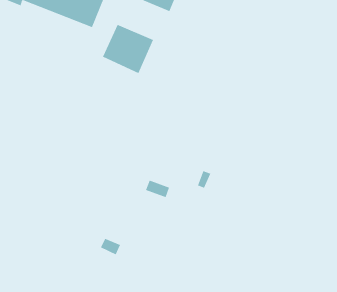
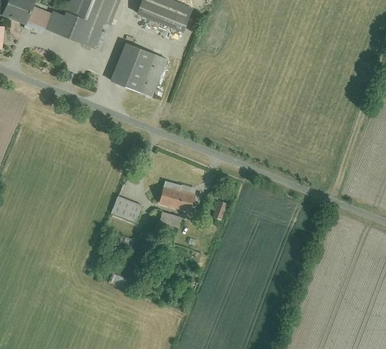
building: none -> [157,183,195,212]
building: none -> [110,194,142,222]

